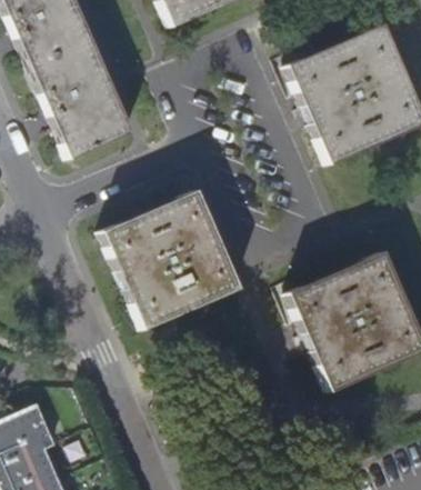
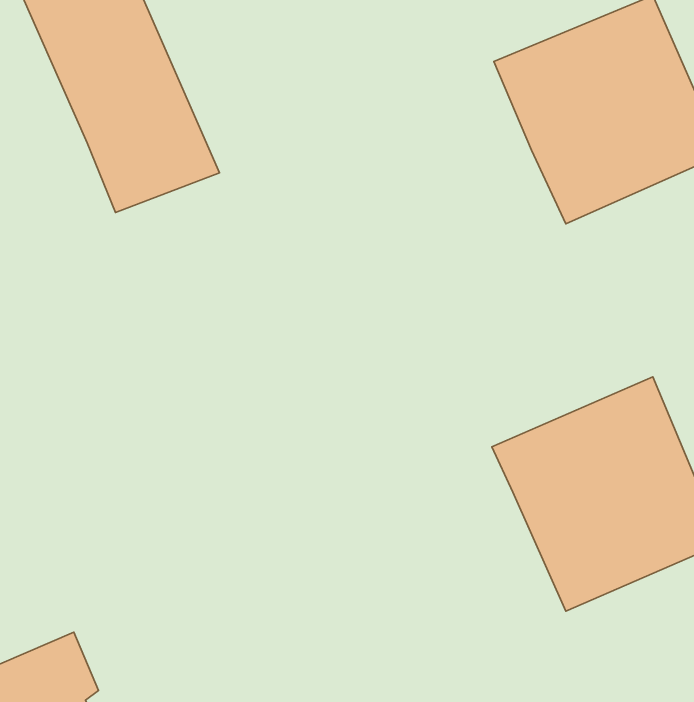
building: [103,188,240,326] -> none

